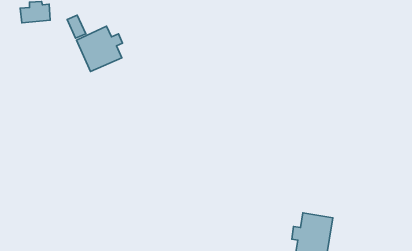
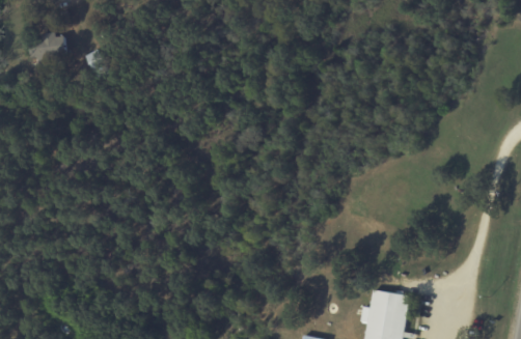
building: [76,26,122,71] -> none

